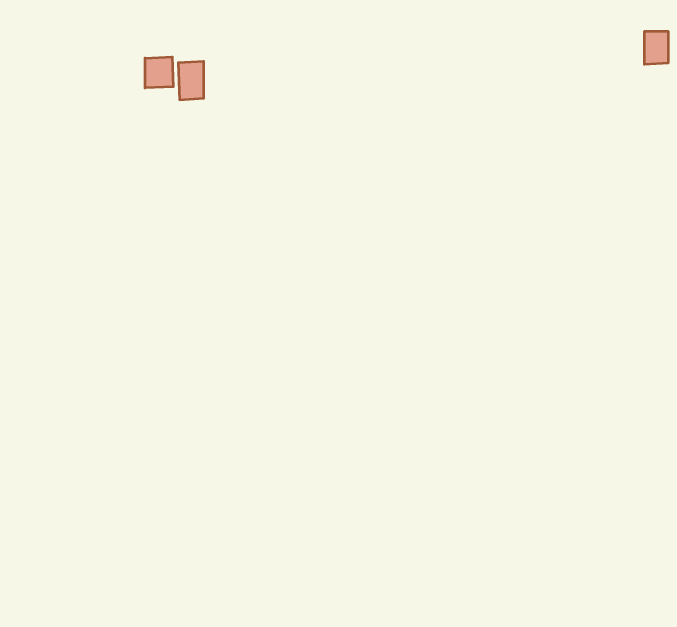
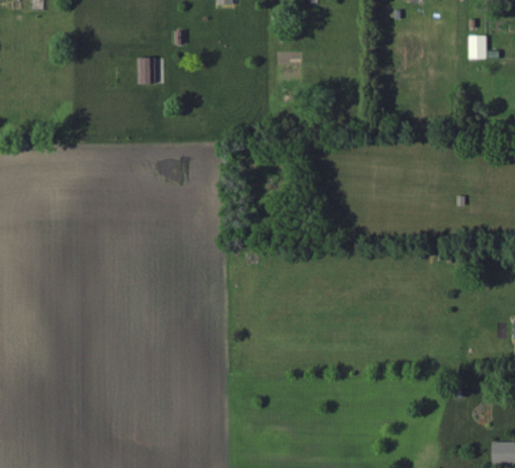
building: [145,57,173,88] -> none

